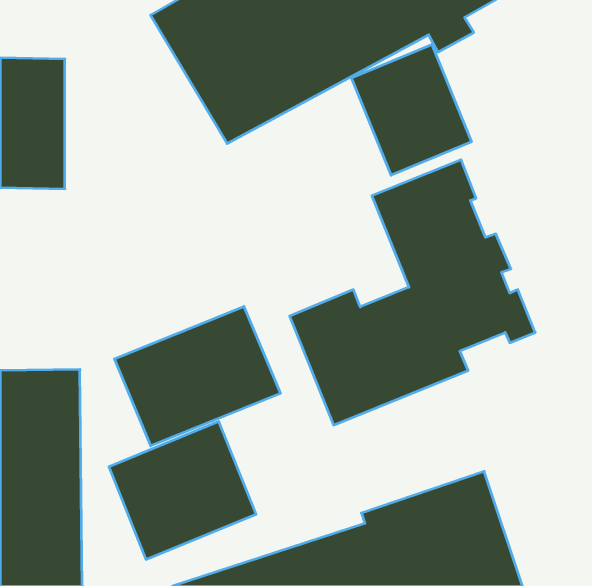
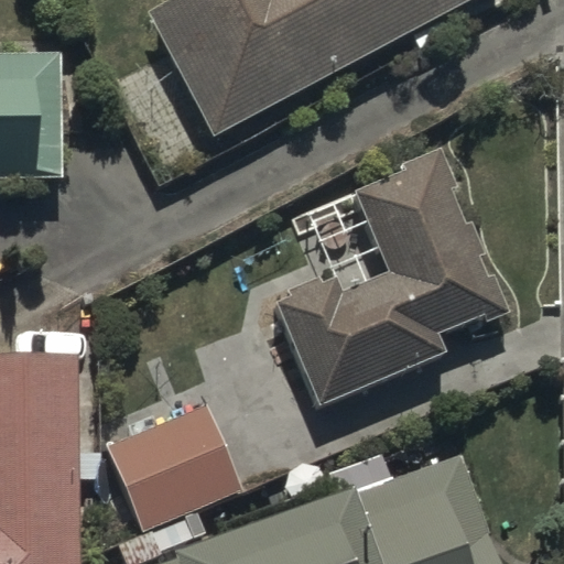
building: [352,44,471,175] -> none
building: [114,306,280,446] -> none

